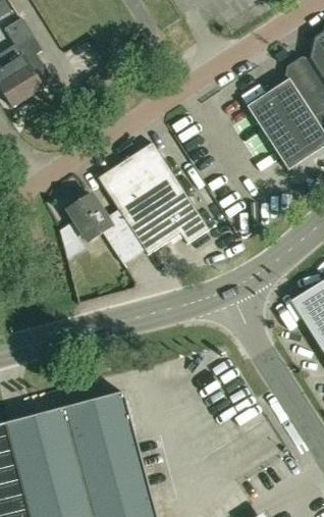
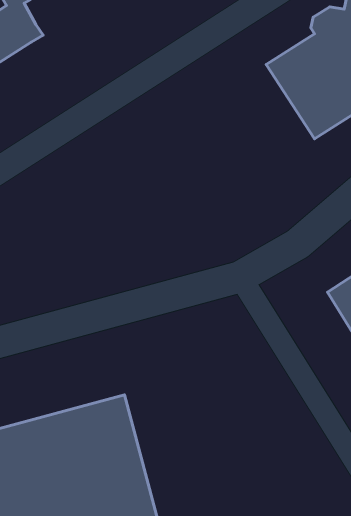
building: [58,142,208,264] -> none

